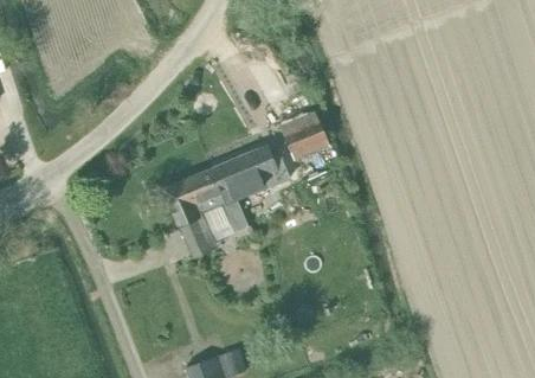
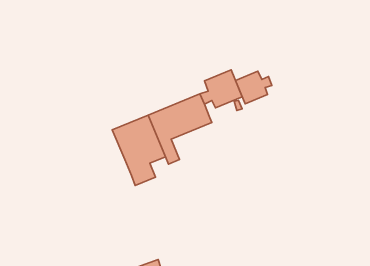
building: none -> [236,71,272,104]

